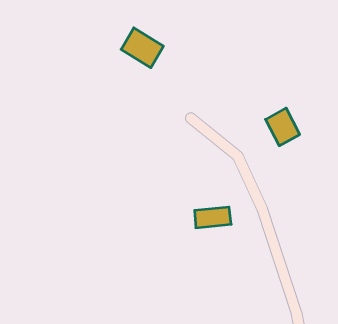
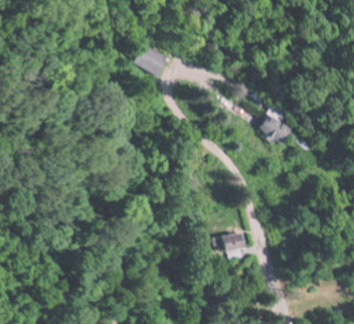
building: [195,207,231,228] -> [211,232,243,251]

